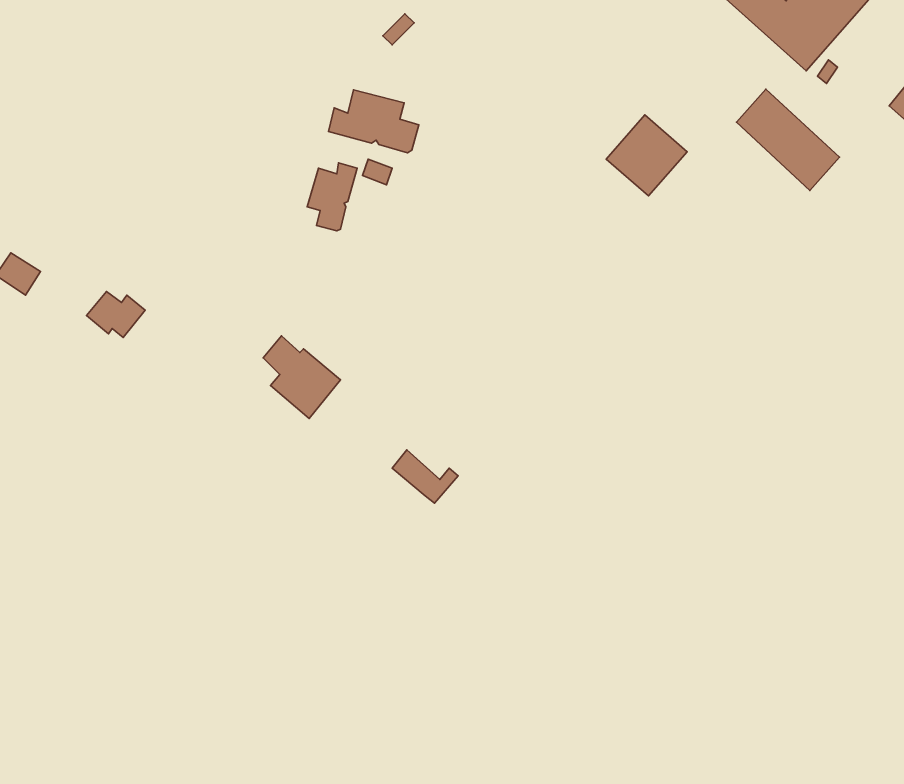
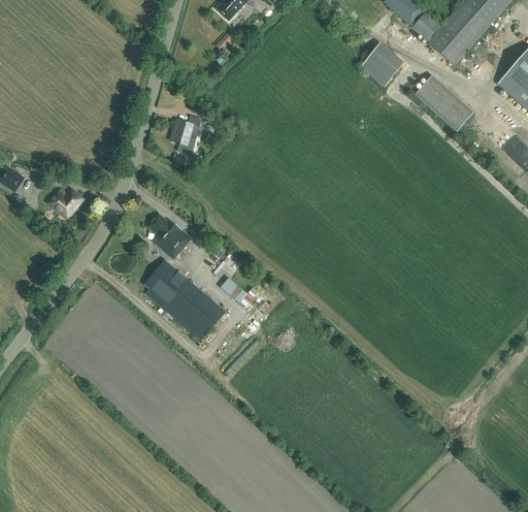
building: [328,90,419,153] -> none
building: [606,115,687,196] -> [364,40,409,86]
building: none -> [150,263,227,341]

